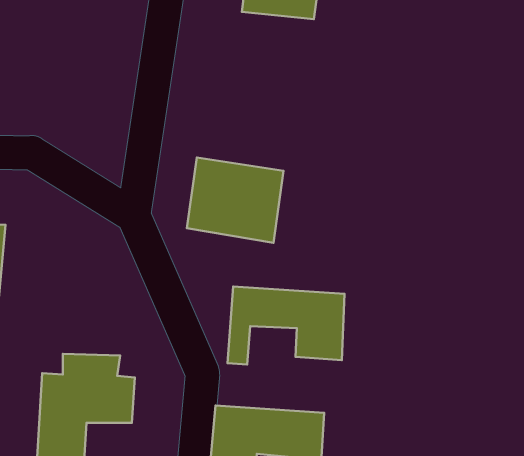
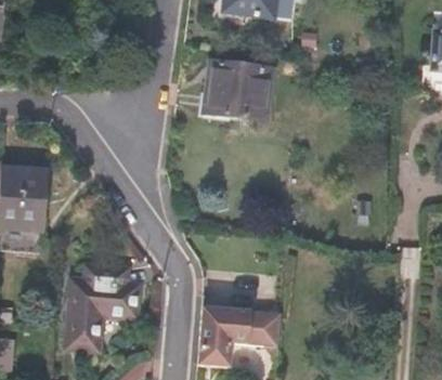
building: [187,158,284,243] -> [200,60,272,122]
building: [228,286,344,364] -> none

